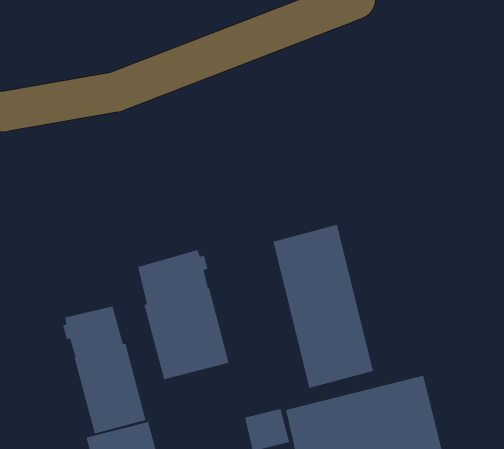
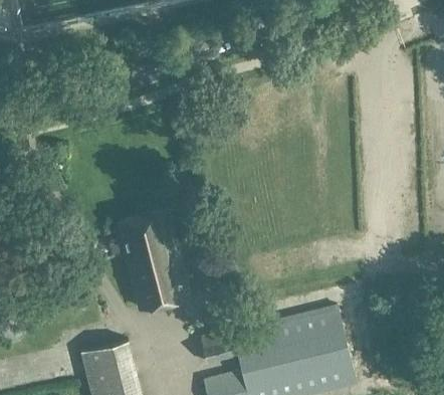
building: [273,224,374,389] -> none
building: [62,305,146,435] -> none

